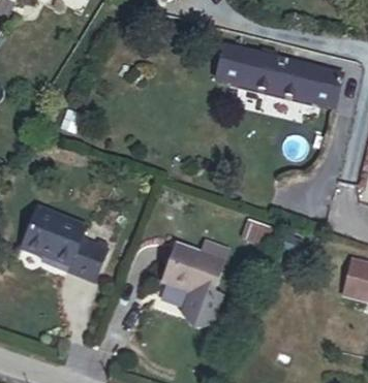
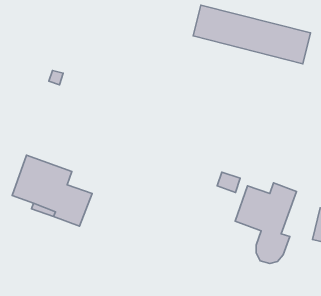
building: [162,240,228,326] -> [235,183,297,264]

